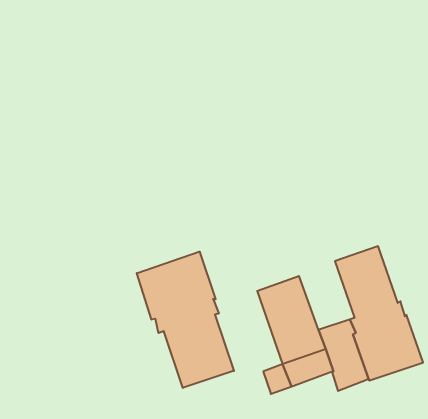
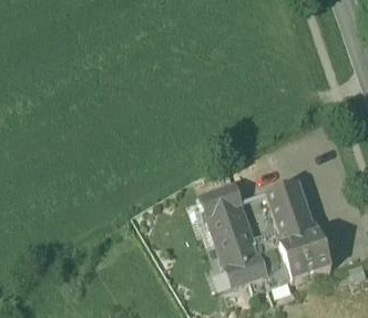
building: [137,252,234,388] -> none
building: none -> [201,189,239,217]

